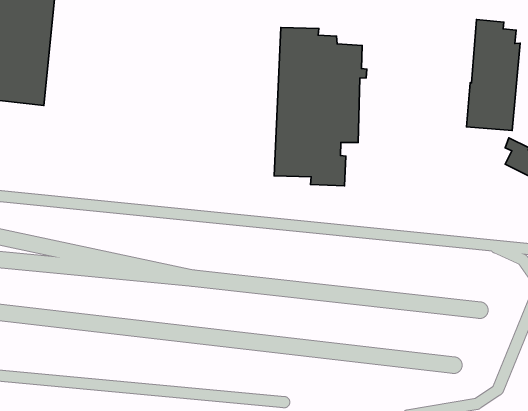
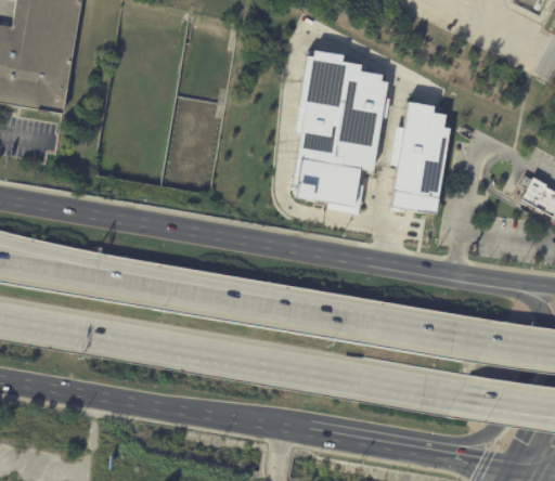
building: [466,20,520,130] -> [390,100,449,212]

